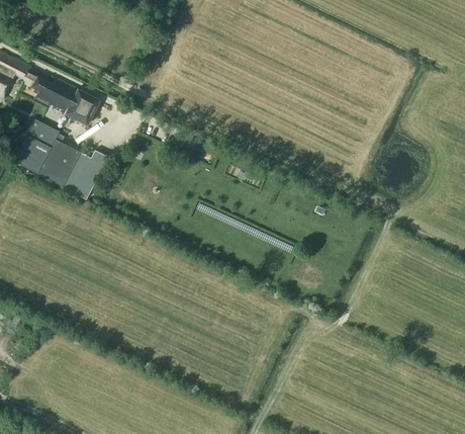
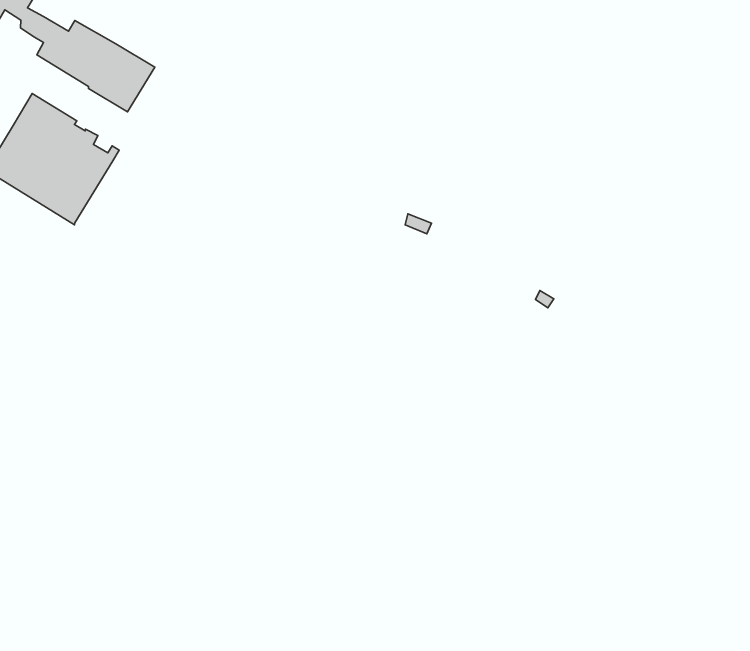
building: [62,150,107,199] -> none

